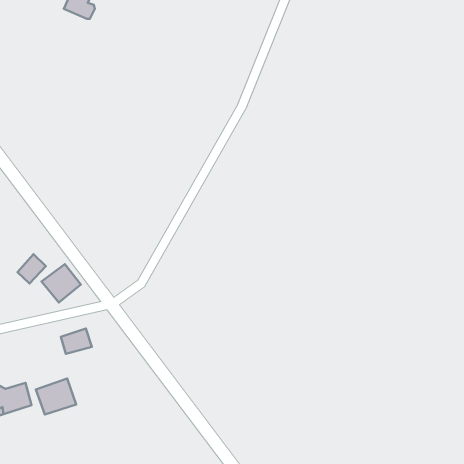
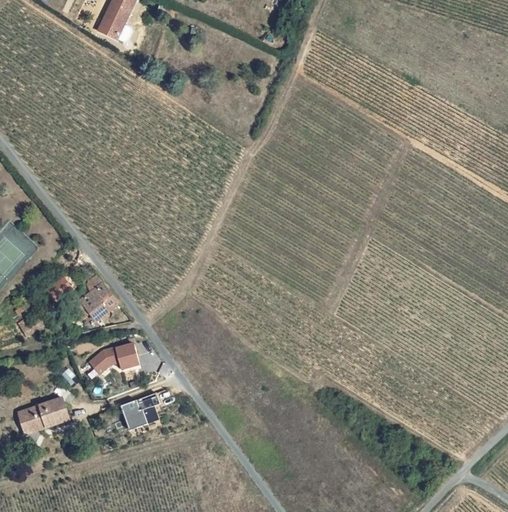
building: none -> [119,340,146,369]
building: [36,378,76,415] -> [125,392,165,428]

